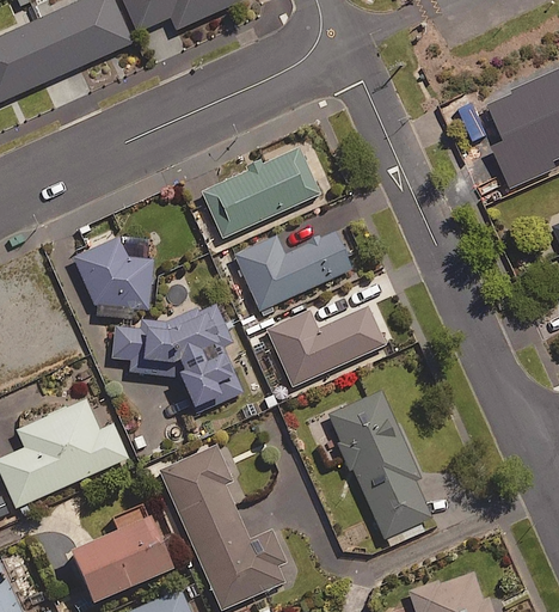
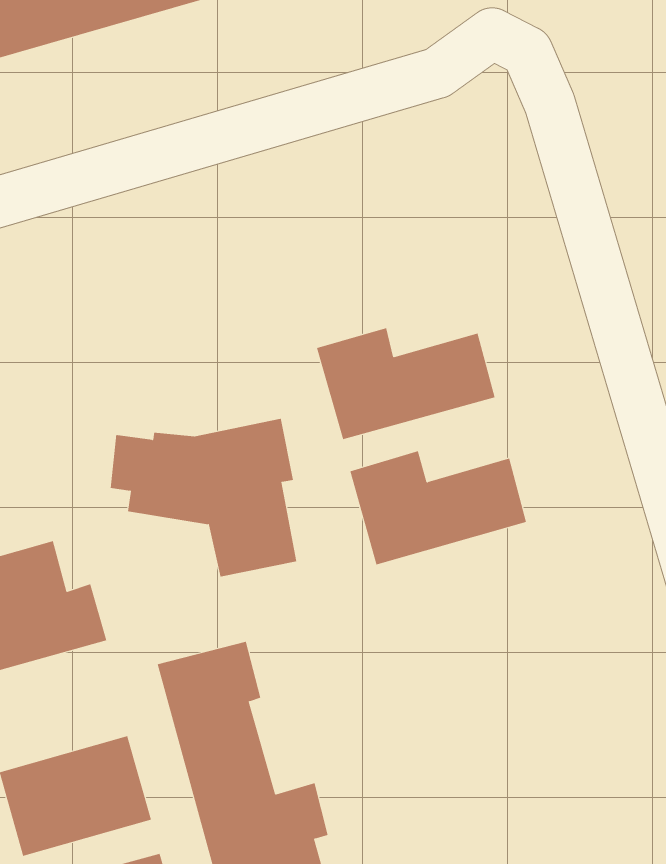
building: [202,148,319,237] -> none
building: [75,235,152,317] -> none
building: [327,392,431,546] -> none

